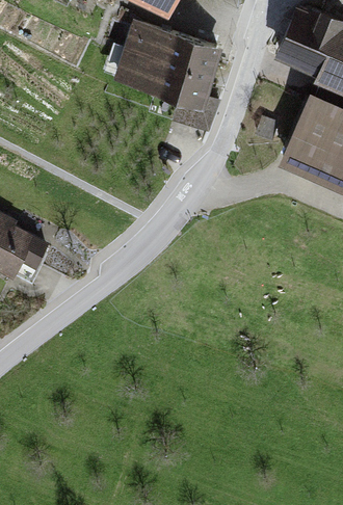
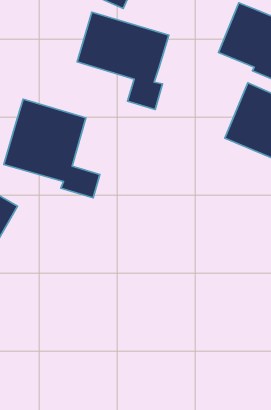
building: none -> [4,99,100,198]

